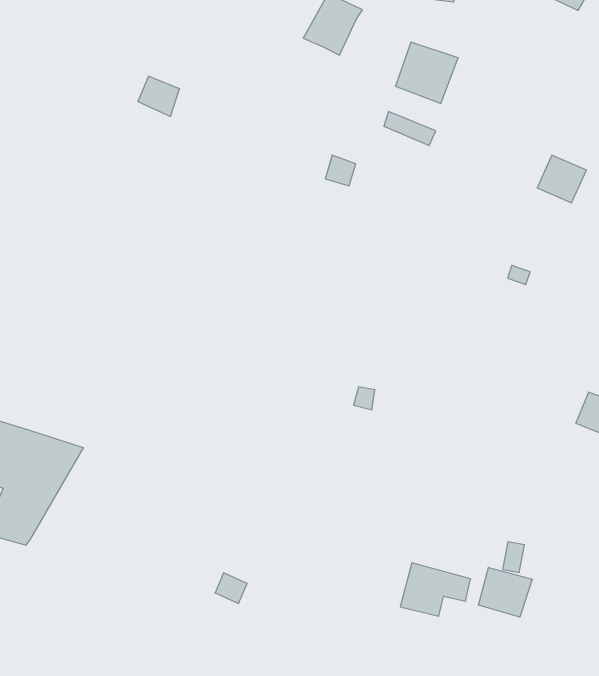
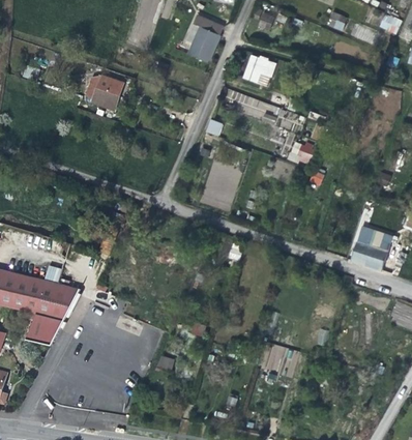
building: [537,155,586,203] -> [287,139,314,165]
building: [478,567,532,617] -> none

